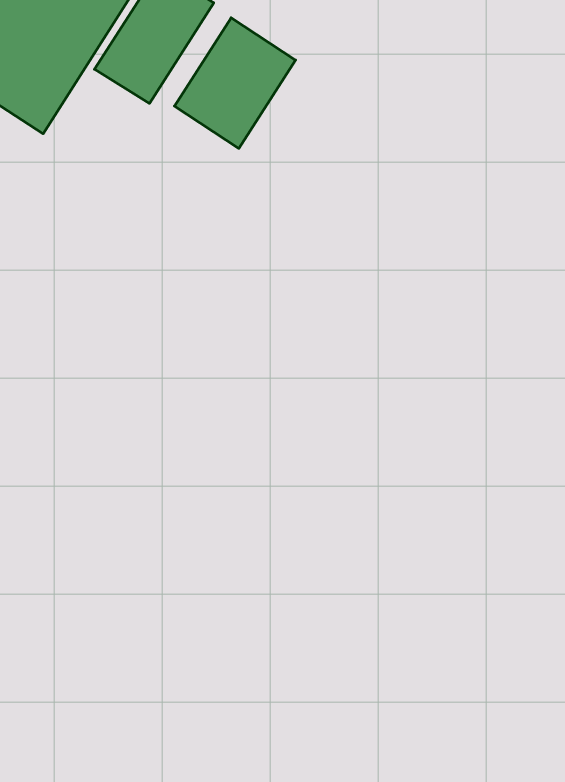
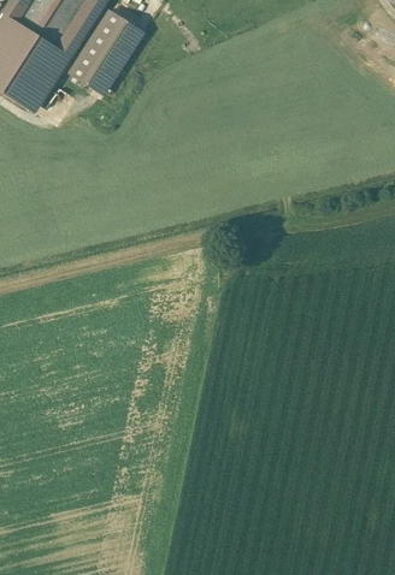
building: [174,18,296,148] -> none

